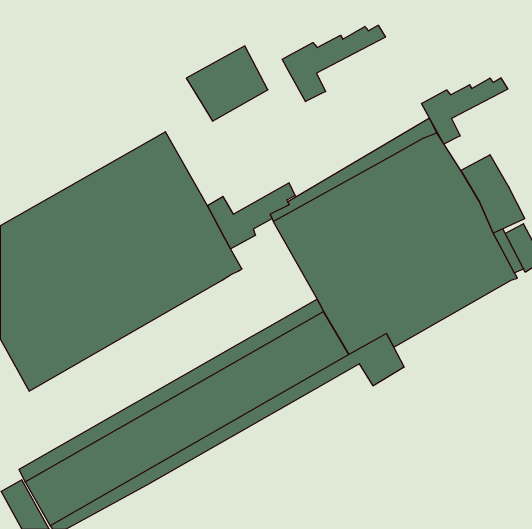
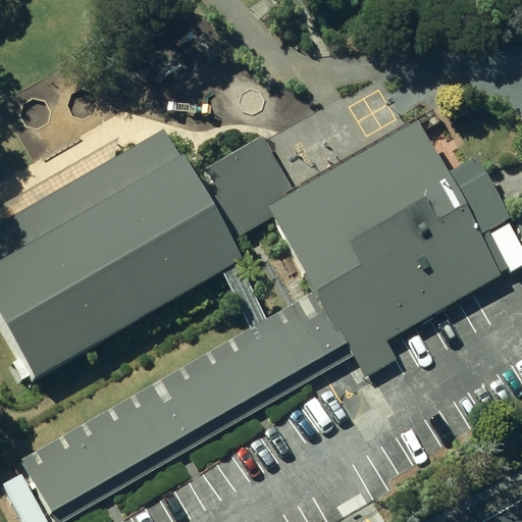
building: [282,25,385,102] -> none
building: [186,46,268,121] -> [205,136,284,209]
building: [422,78,508,144] -> none

